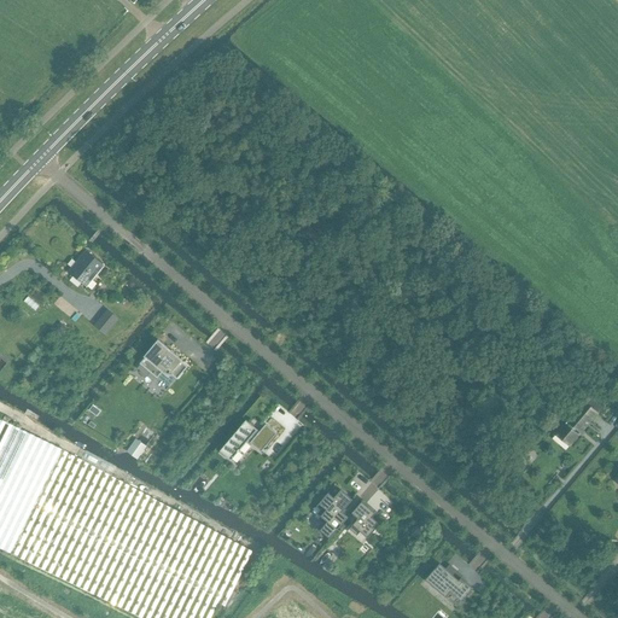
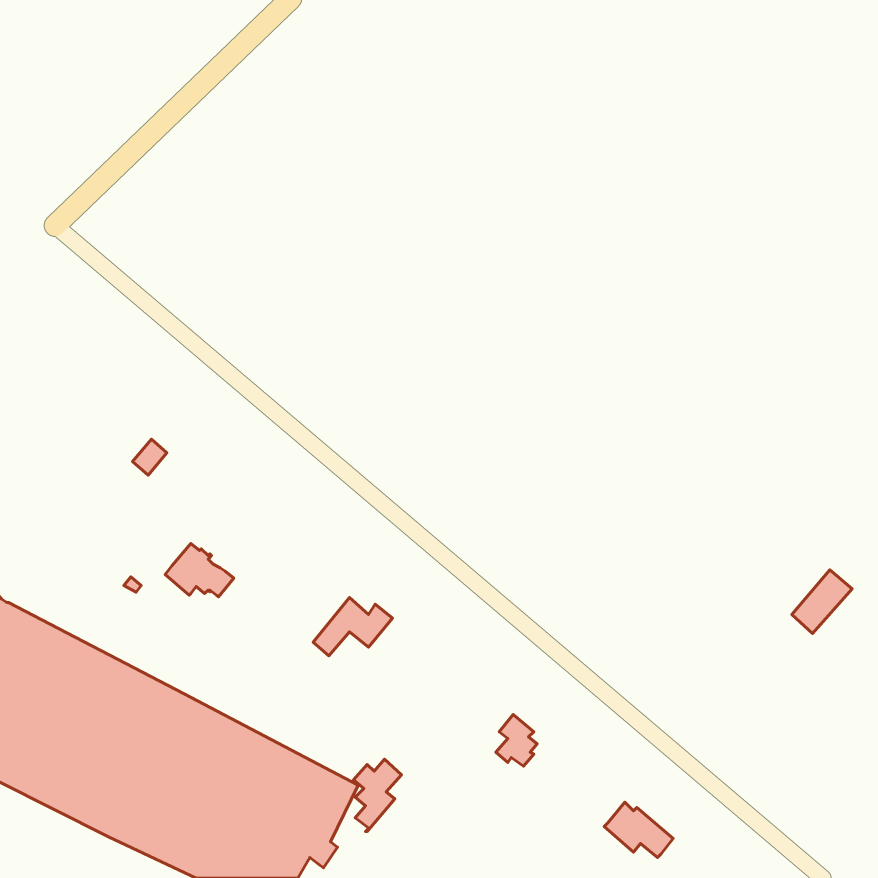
building: [66,251,103,286] -> none
building: [139,342,187,379] -> [165,544,234,597]
building: [317,489,351,540] -> [353,759,402,832]

